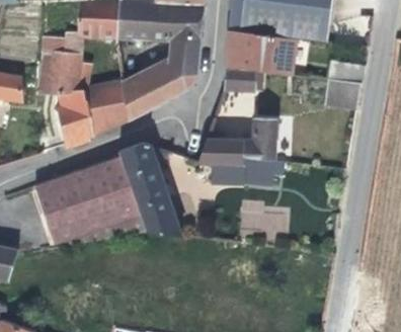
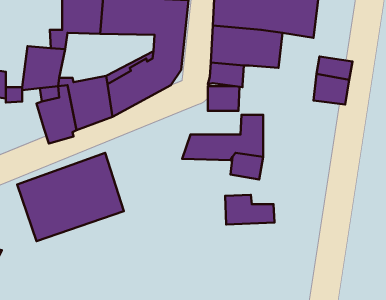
building: [118,144,179,236] -> none

